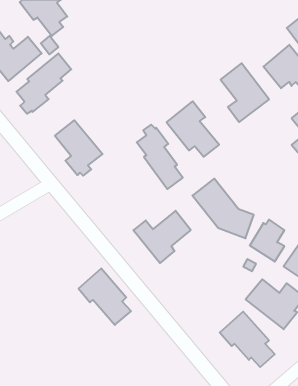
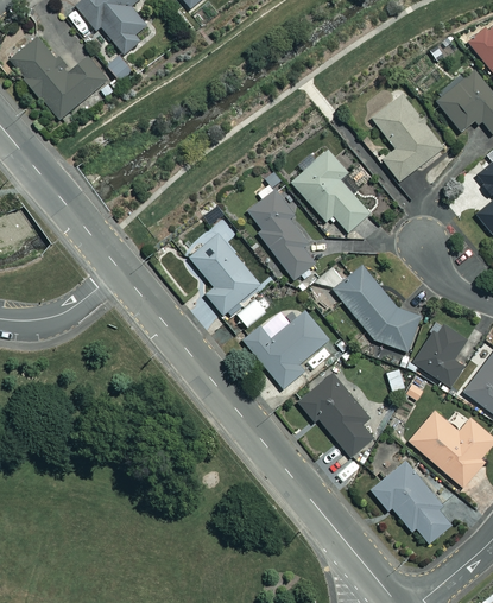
building: [16,53,71,114] -> none
building: [55,120,103,176] -> [190,234,260,316]
building: [79,268,131,325] -> [298,373,375,456]

